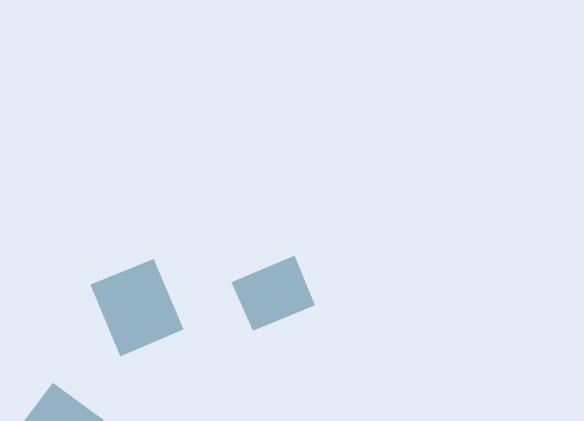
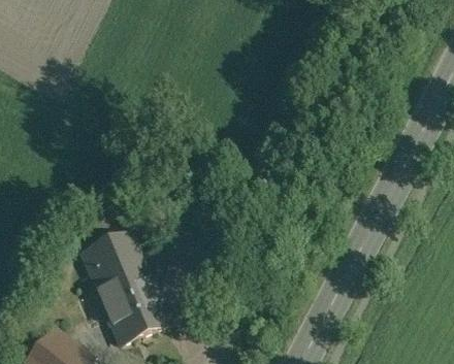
building: [231,255,316,332] -> [103,285,167,342]

